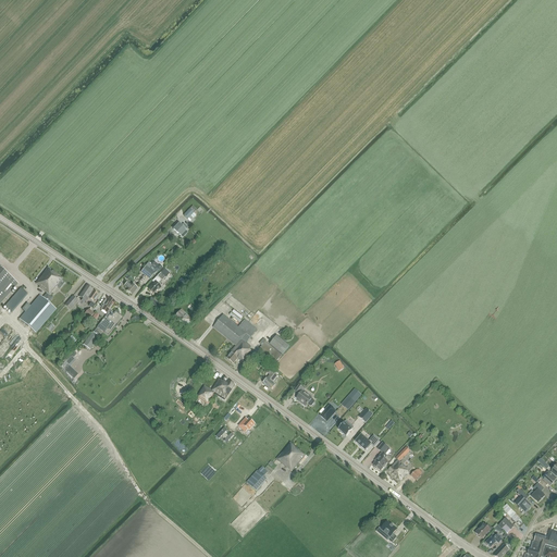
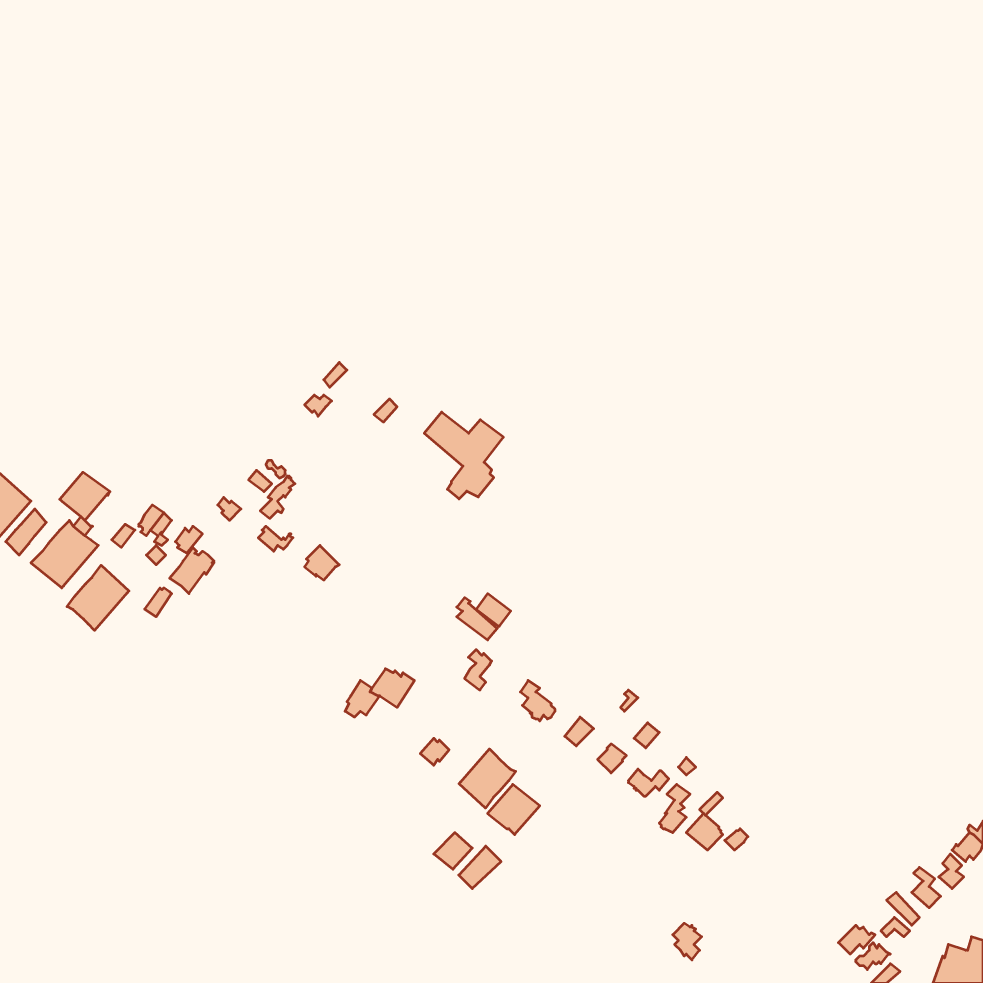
building: [212,314,257,363] -> [424,412,503,499]
building: none -> [67,565,129,630]
building: none -> [459,749,516,808]

